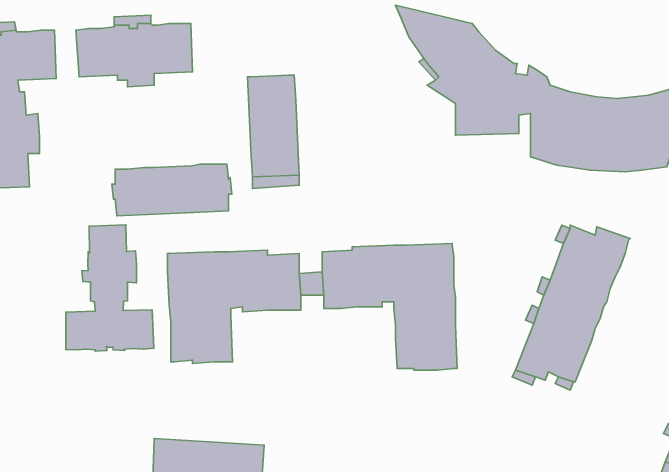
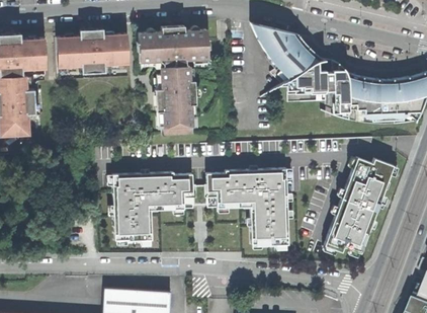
building: [112,164,232,216] -> [137,30,209,62]
building: [66,225,154,351] -> none

